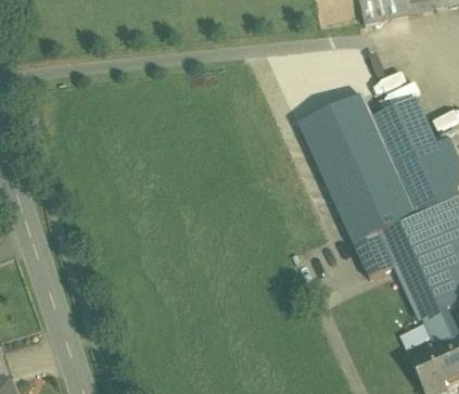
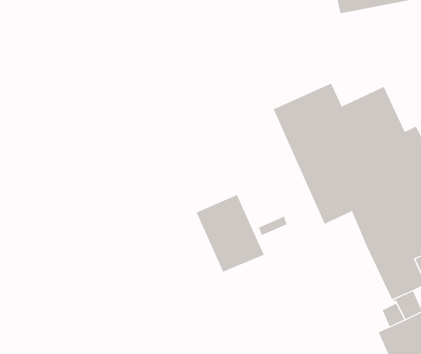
building: none -> [196,194,264,273]
building: [350,226,394,274] -> none

